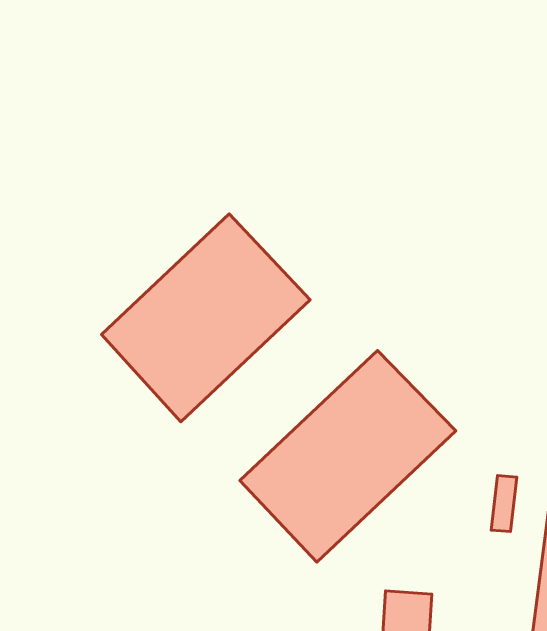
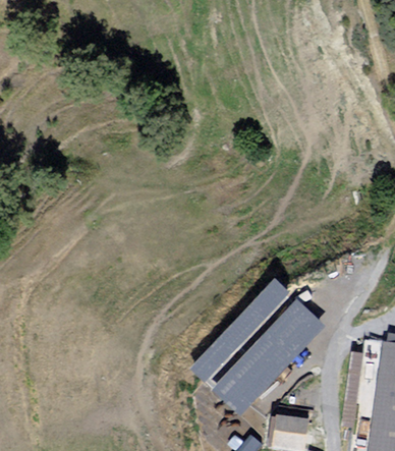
building: [101,214,310,422] -> none

